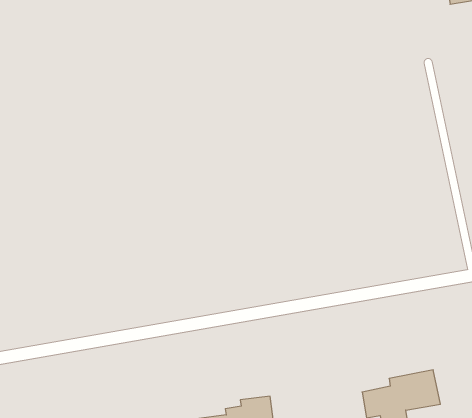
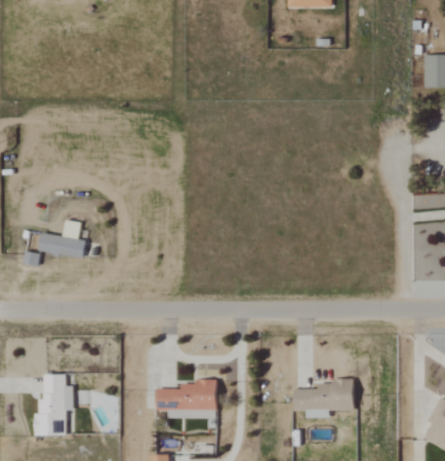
building: none -> [35,230,84,259]

